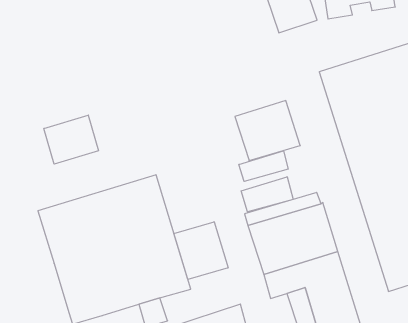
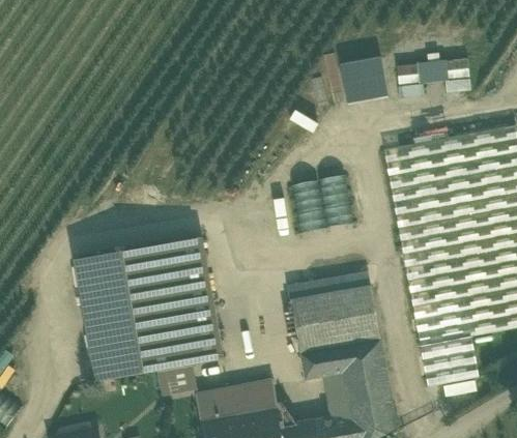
building: [44,115,99,164] -> none
building: [239,151,288,181] -> none
building: [241,177,293,212] -> none
building: [174,222,228,280] -> none

